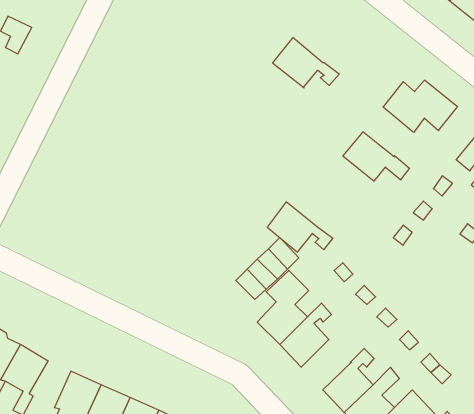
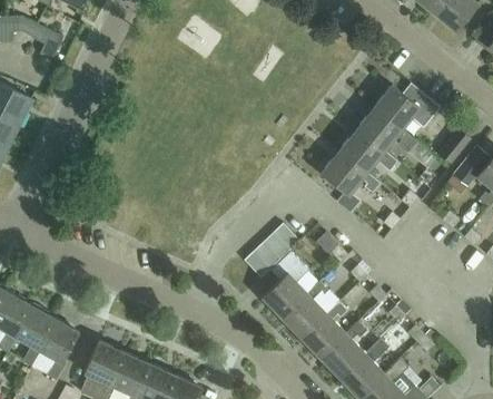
building: [273,38,339,88] -> [356,107,415,152]
building: [267,202,333,252] -> [322,150,379,195]
building: none -> [302,301,347,358]

